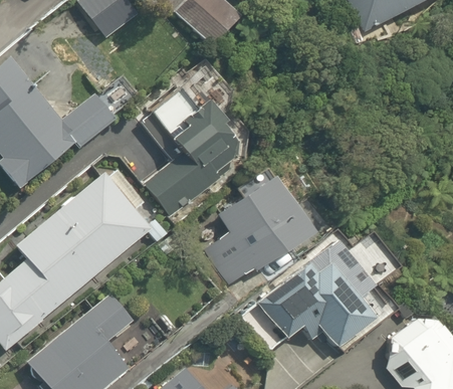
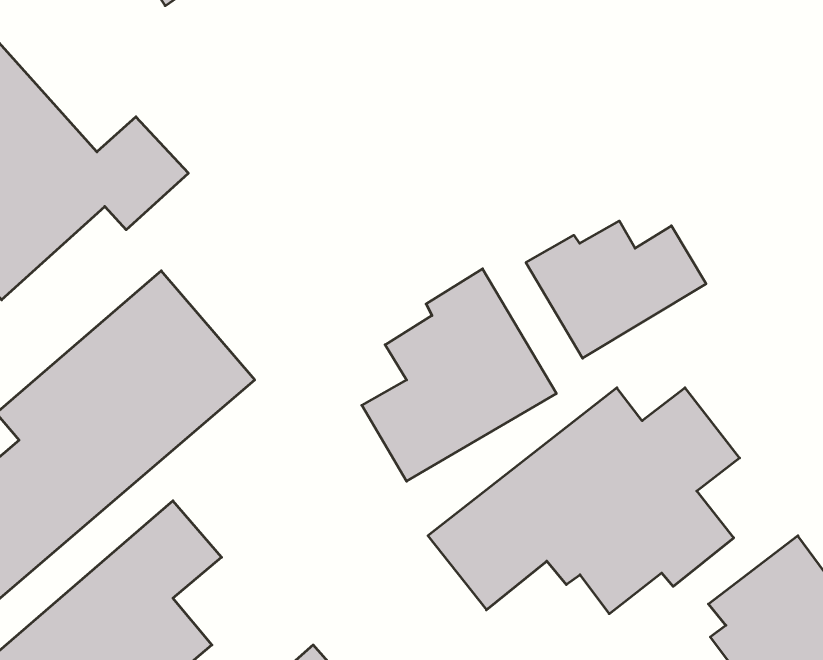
building: [139,87,250,216] -> none
building: none -> [526,221,706,358]

